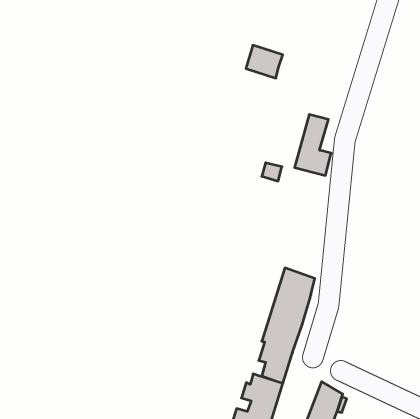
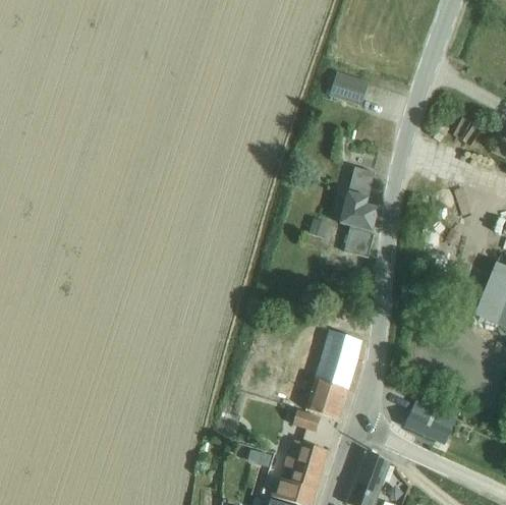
building: [246,45,283,78] -> [329,72,368,107]
building: none -> [344,228,374,258]
building: none -> [404,399,457,445]

